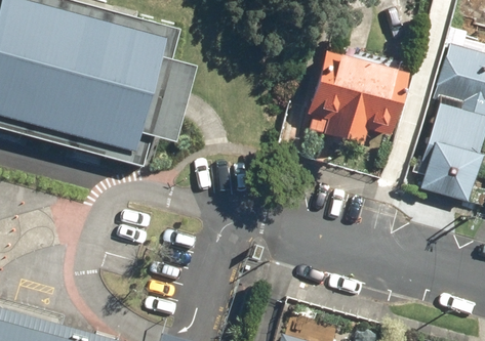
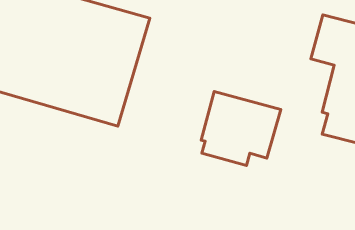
building: [307,51,407,144] -> [201,92,281,165]

